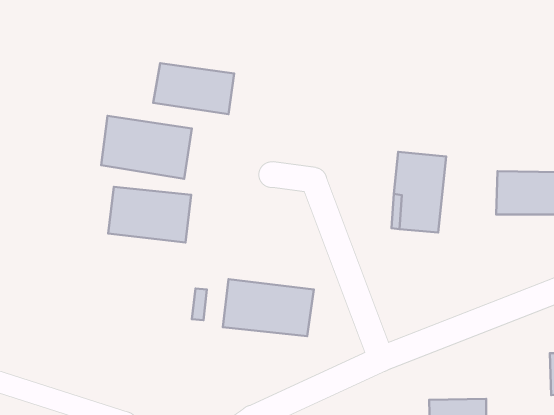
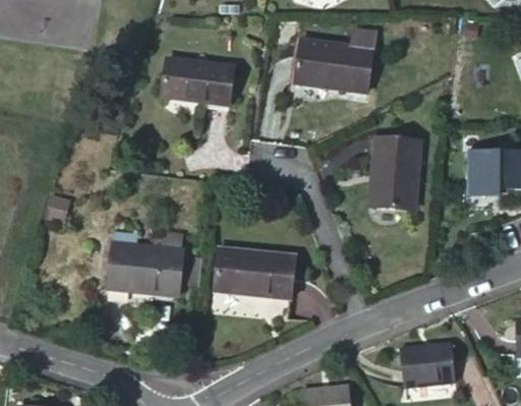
building: none -> [297,27,379,91]
building: [101,116,192,179] -> none
building: [108,187,191,243] -> [106,245,180,295]

